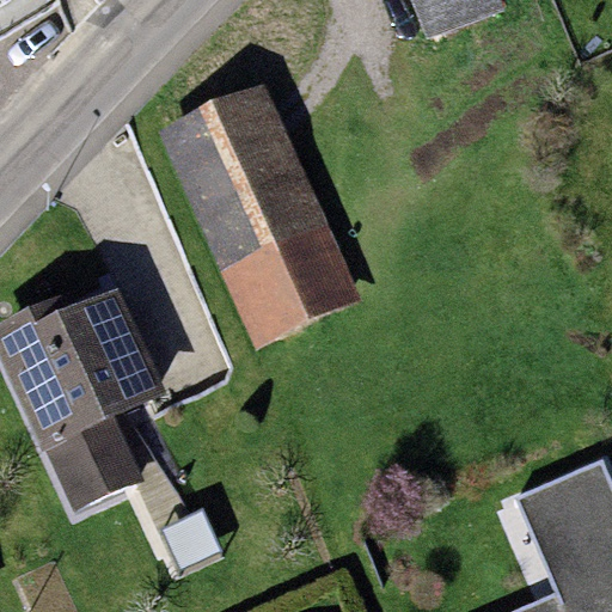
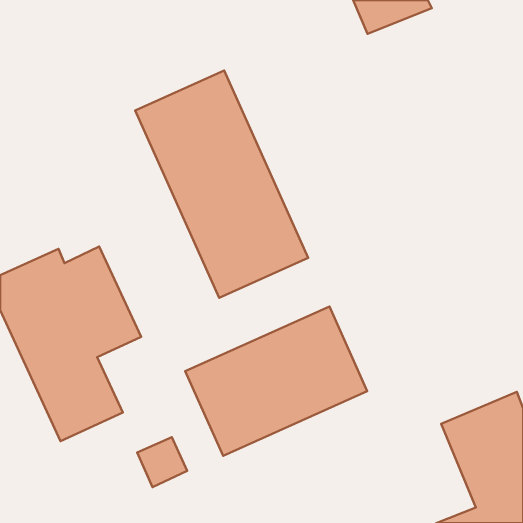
building: none -> [185,307,367,456]

